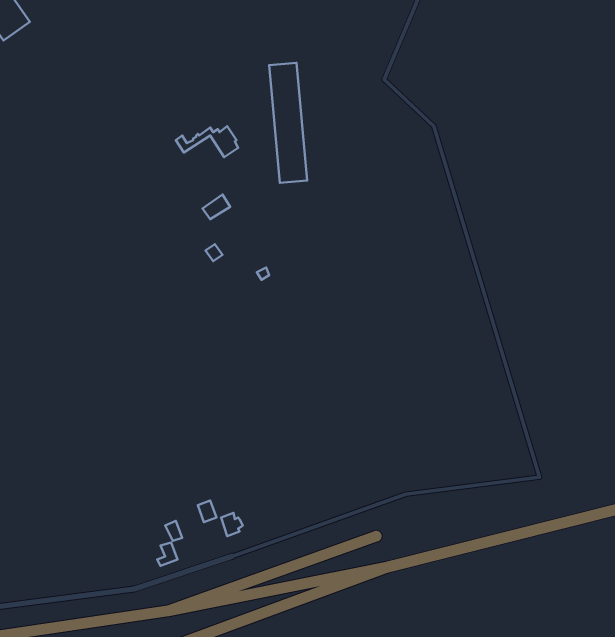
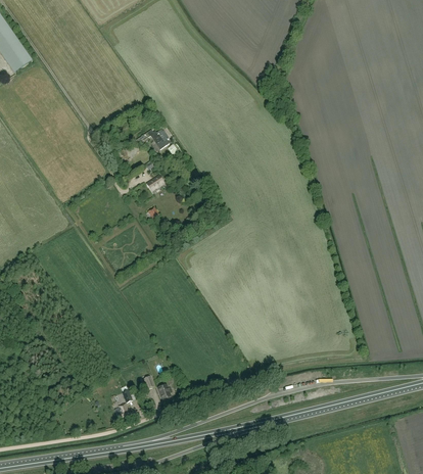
building: [269,63,307,183] -> none

